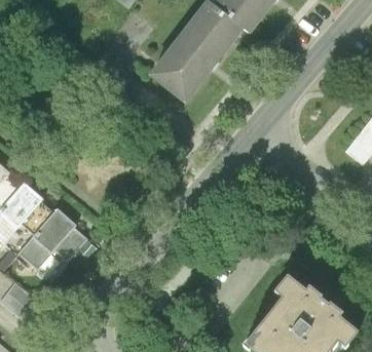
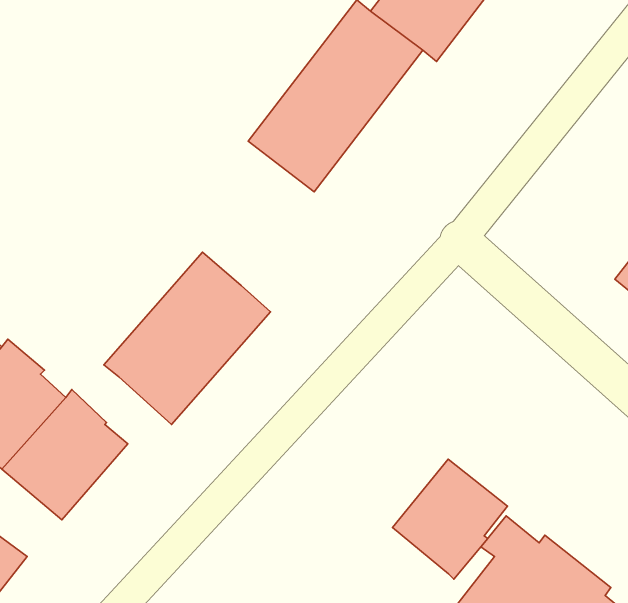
building: none -> [104,252,270,424]
building: none -> [393,459,508,579]

